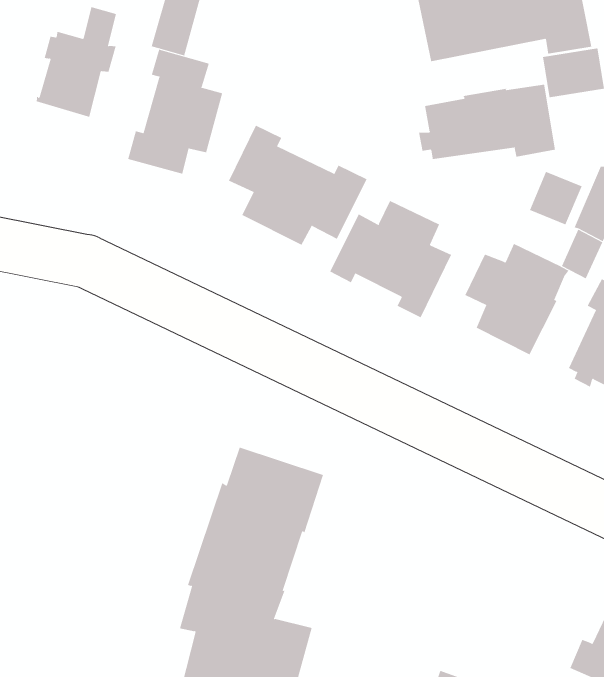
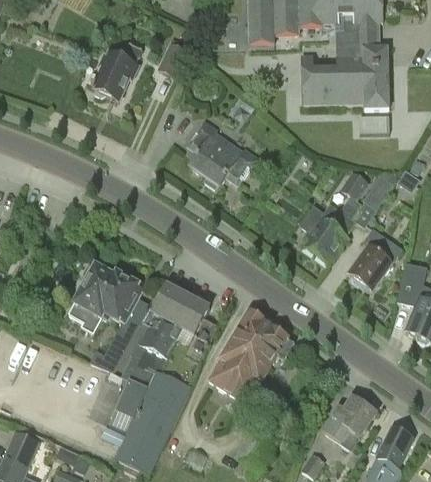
building: [127,49,223,174] -> none
building: [418,84,555,160] -> none
building: [329,200,452,318] -> none
building: none -> [70,264,149,372]
building: none -> [208,310,294,400]

